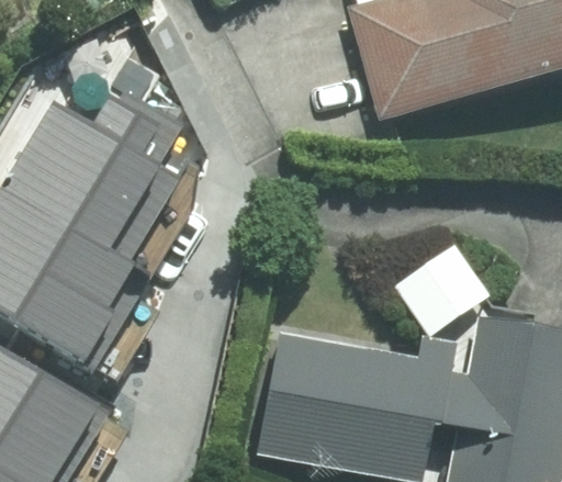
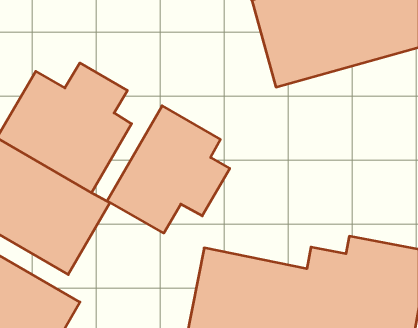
building: none -> [107,106,230,233]

